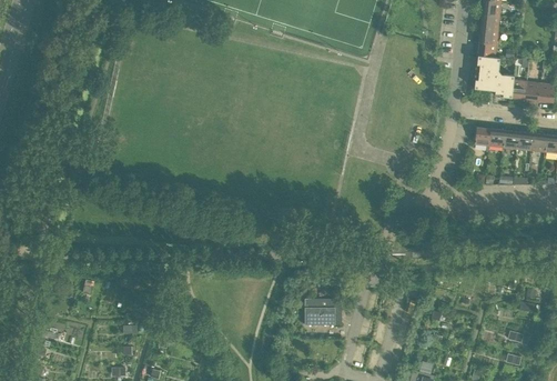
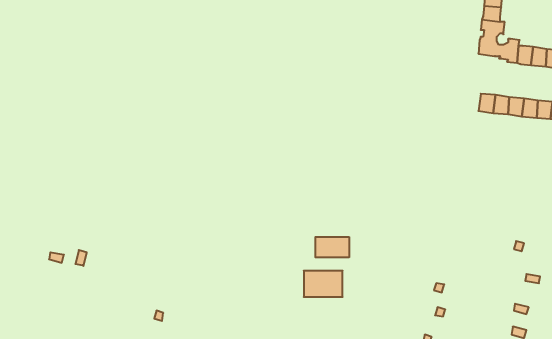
building: none -> [315,237,349,257]

